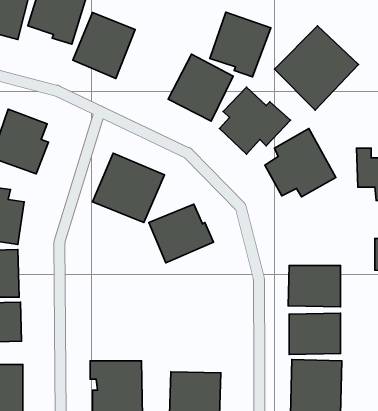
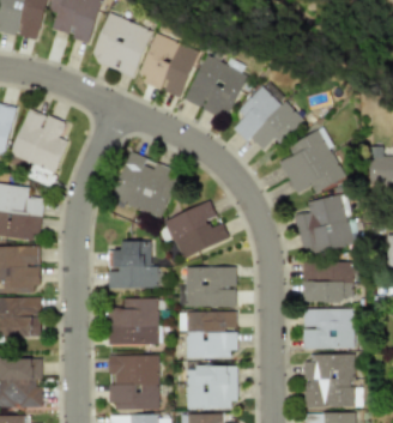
building: [210,12,271,77] -> [139,34,199,97]
building: [274,26,358,110] -> none
building: none -> [296,195,351,252]
building: none -> [107,241,158,289]
building: none -> [179,266,236,307]
building: none -> [107,298,159,345]
building: none -> [186,312,236,358]

